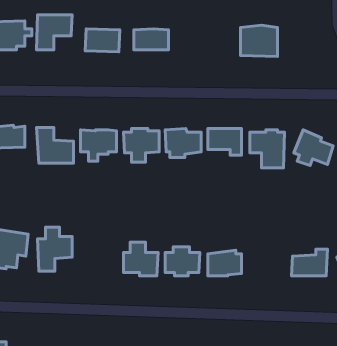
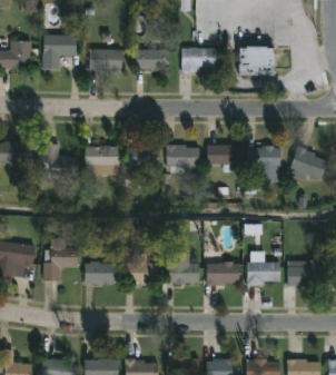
building: none -> [181,47,216,71]
building: none -> [246,250,279,285]
building: none -> [83,260,120,284]

